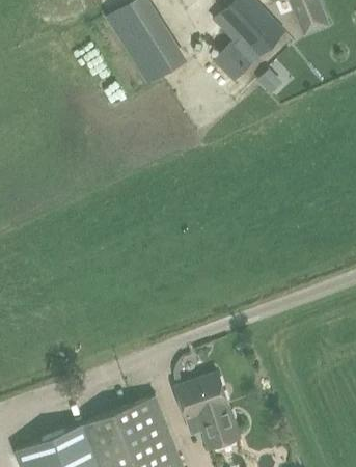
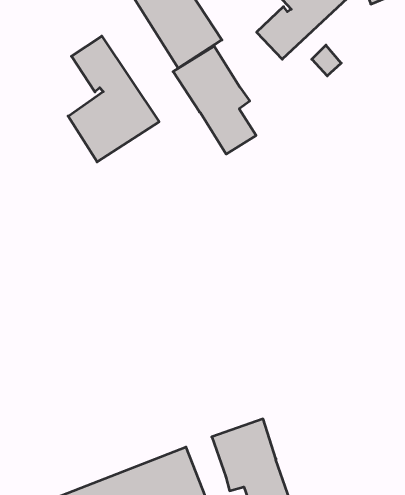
building: none -> [68,36,159,162]
building: none -> [173,46,256,154]

